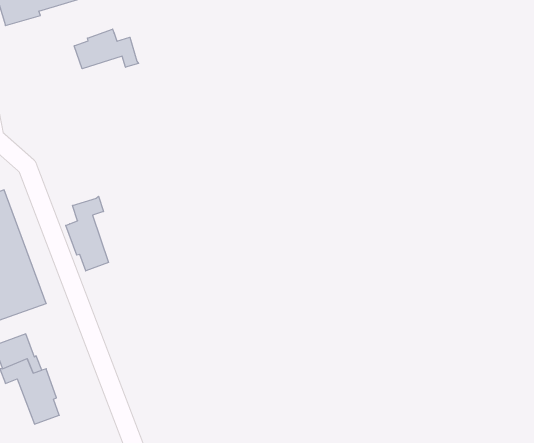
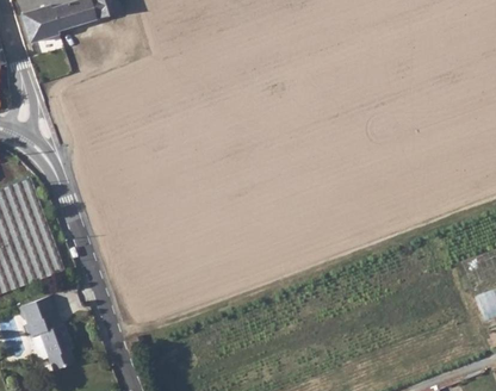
building: [74,29,139,69] -> none
building: [66,196,109,271] -> none

